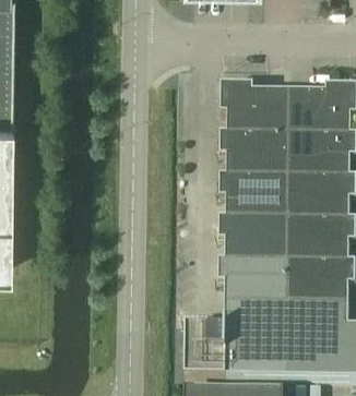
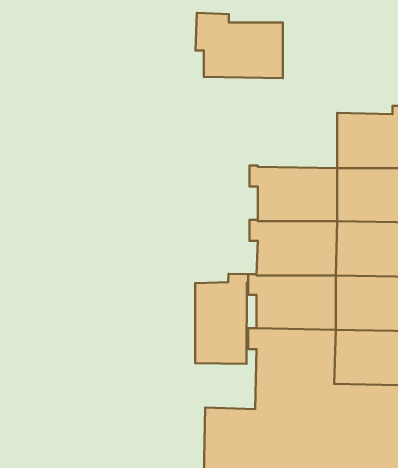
building: [221,85,289,136] -> [195,13,283,78]
building: none -> [195,274,248,364]

